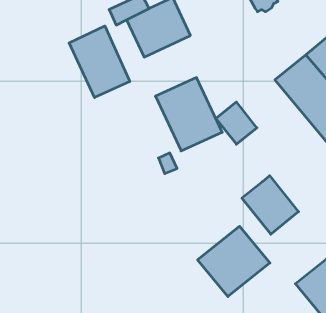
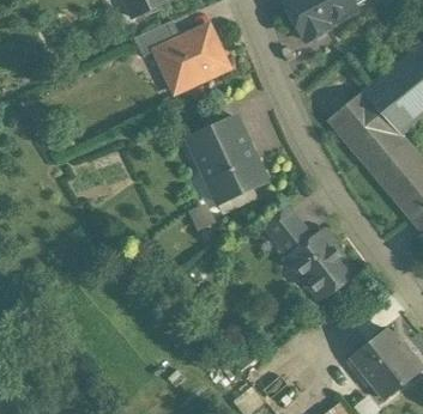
building: [69,26,130,98] -> none
building: [216,102,257,144] -> [266,208,314,257]
building: [198,226,270,297] -> none

